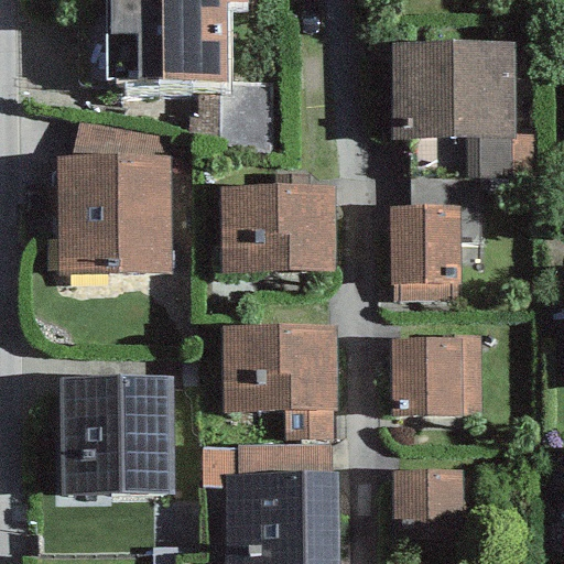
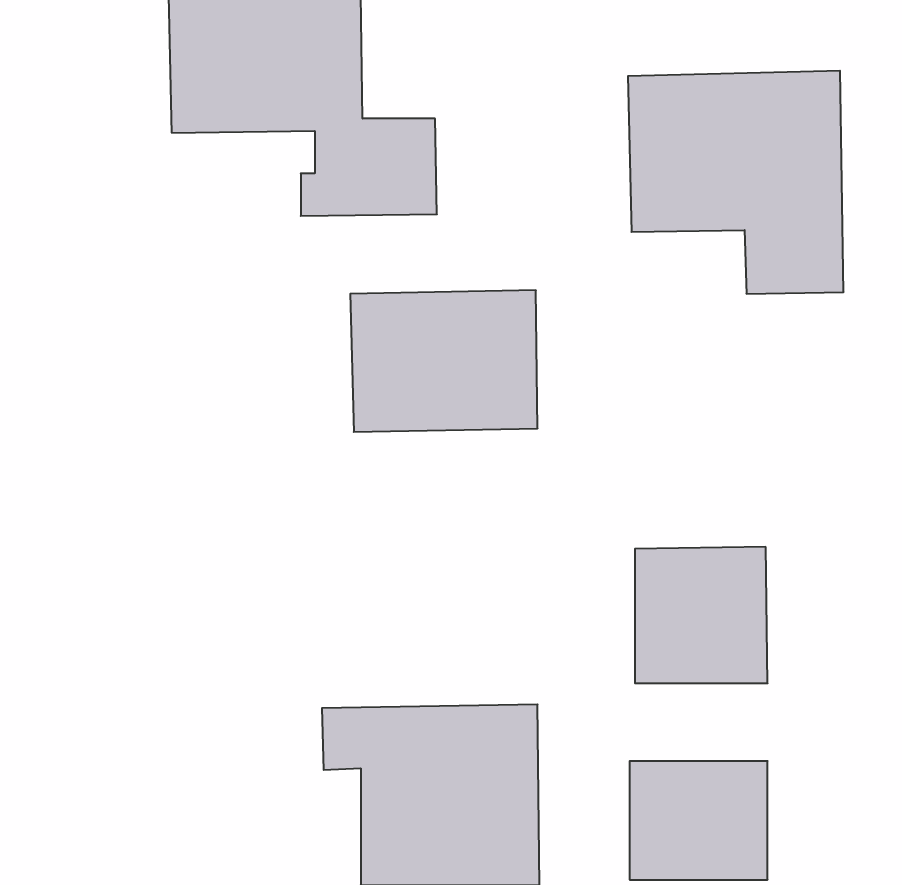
building: [57,152,171,269] -> none
building: [392,208,464,295] -> none
building: [223,324,334,433] -> none
building: [61,373,173,491] -> none

